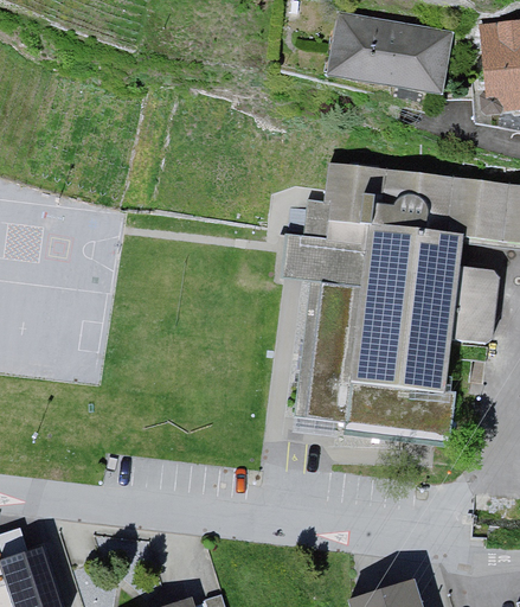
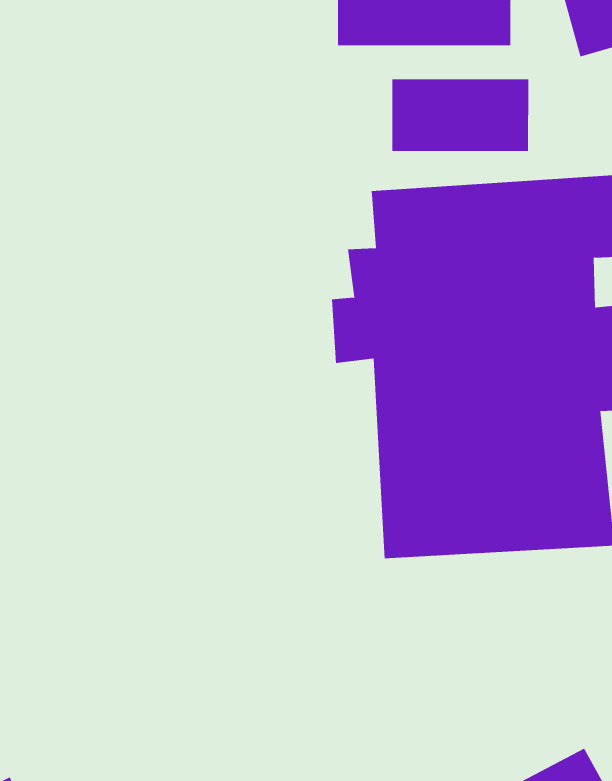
building: none -> [392,78,529,152]

